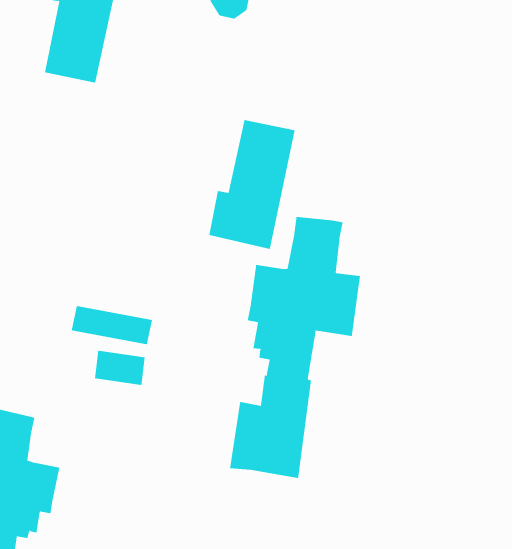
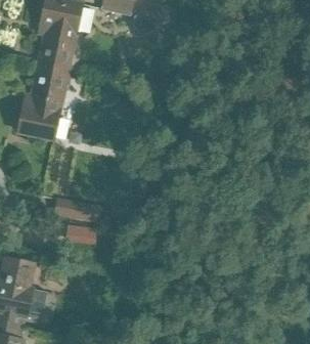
building: [208,120,296,249] -> [17,64,68,139]
building: [230,216,360,479] -> none

